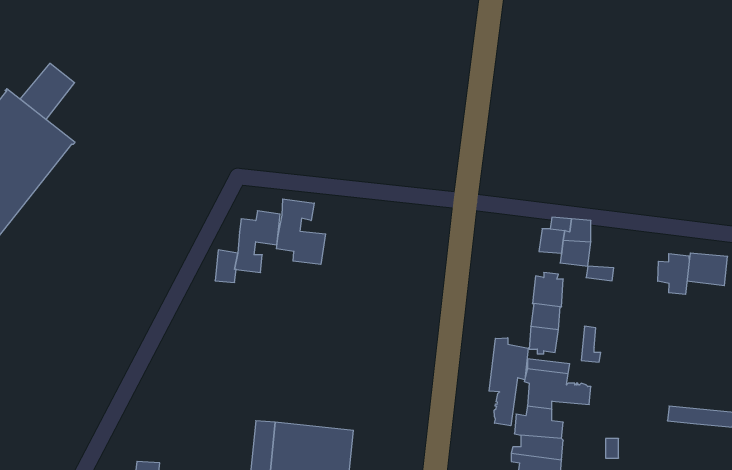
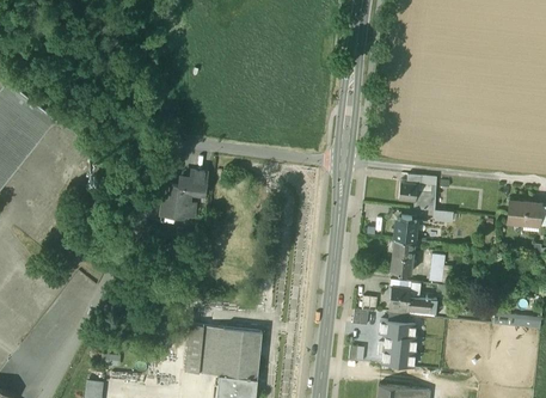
building: [20,63,75,120] -> none
building: [276,199,326,264] -> none
building: [658,254,689,294] -> none
building: [489,338,528,426] -> none

